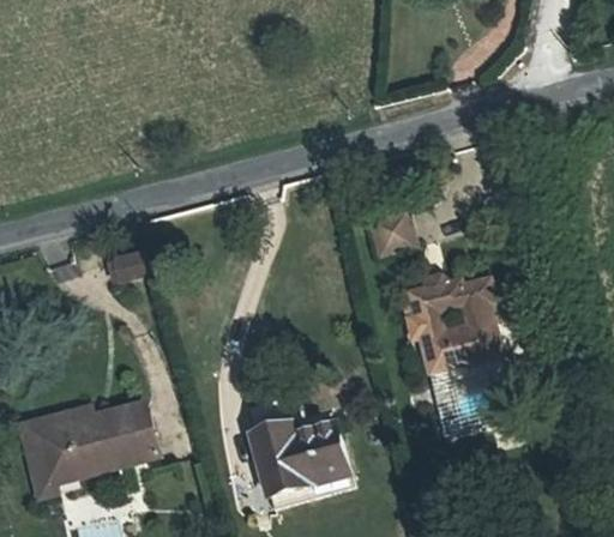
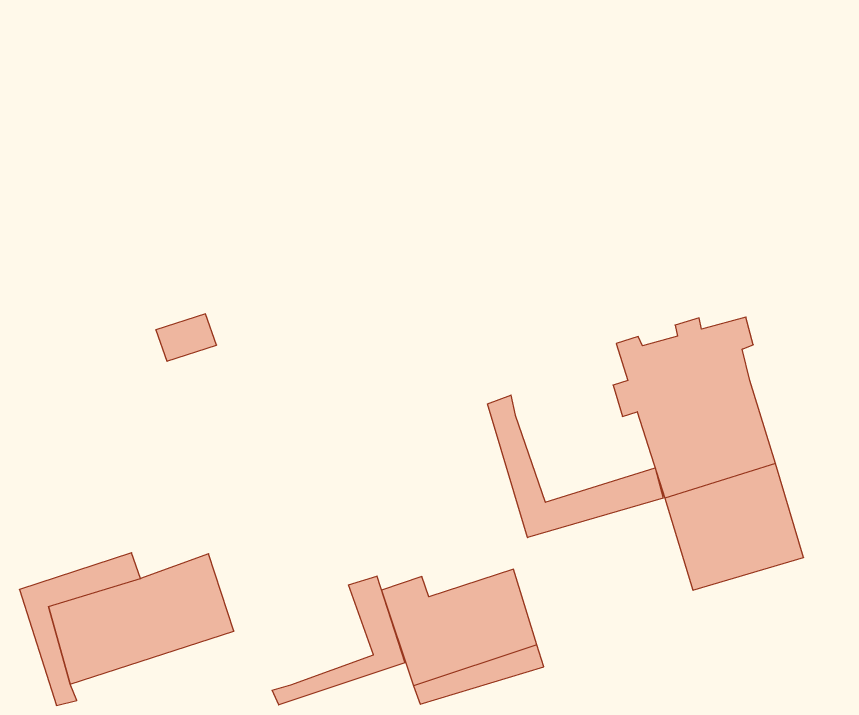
building: [368,200,414,245] -> none
building: none -> [487,395,663,538]
building: none -> [272,576,405,705]

